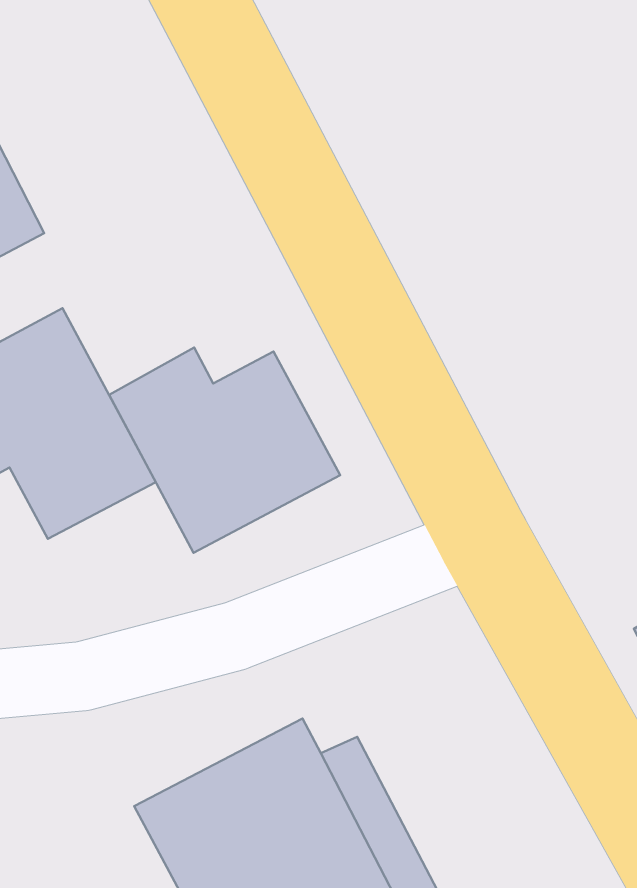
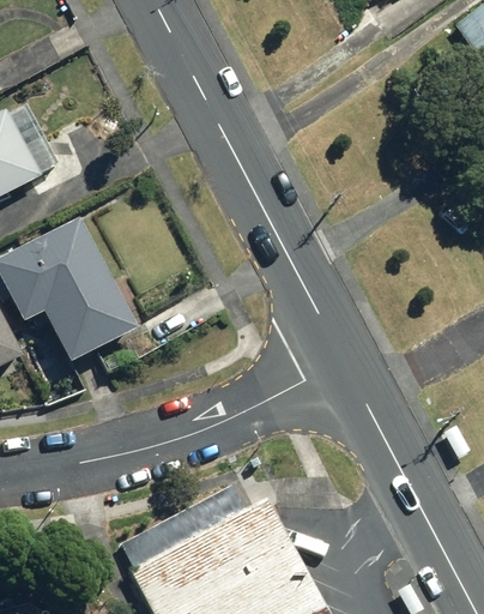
building: [109,348,340,553] -> none

